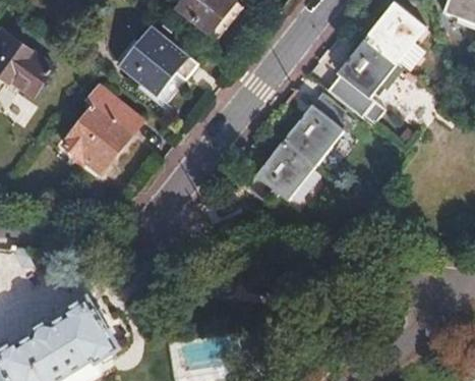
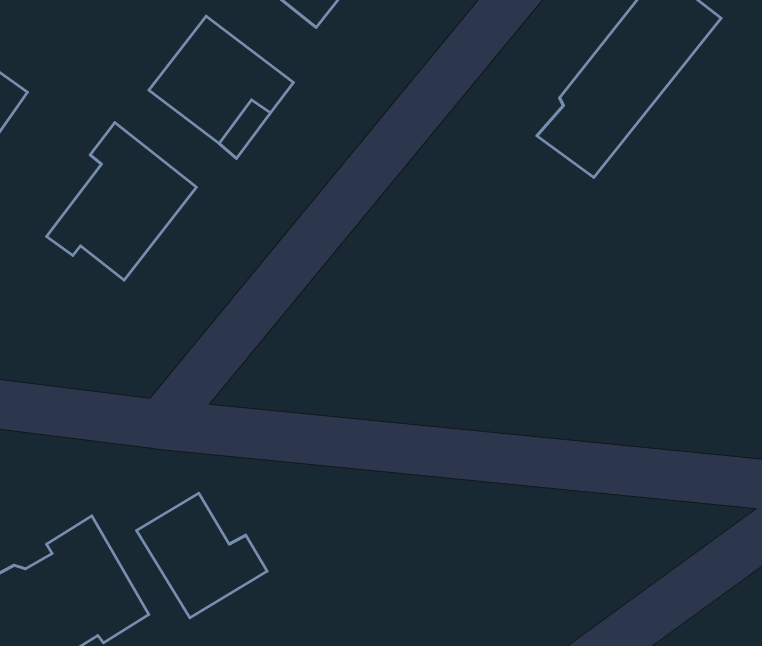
building: [254,93,345,202] -> none
building: none -> [136,493,267,618]

